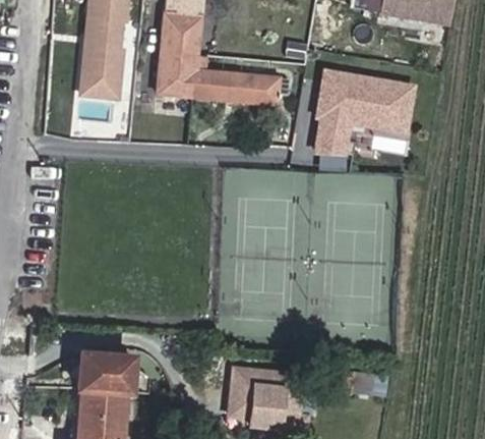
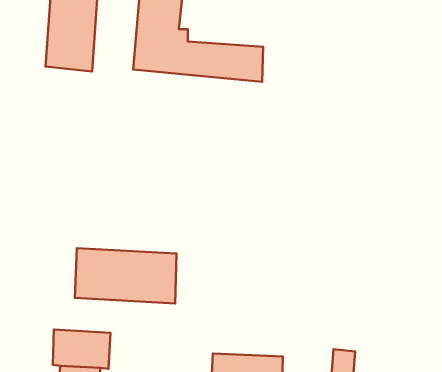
building: [308,63,412,155] -> none
building: none -> [75,248,176,303]

